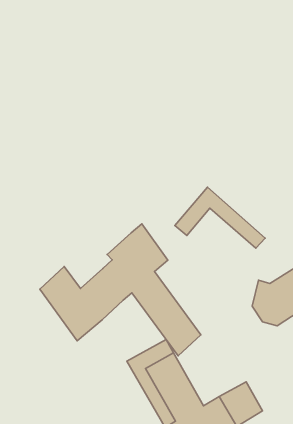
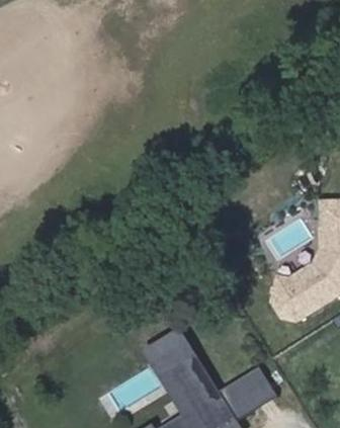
building: [175,187,265,248] -> none
building: [40,224,201,356] -> none

